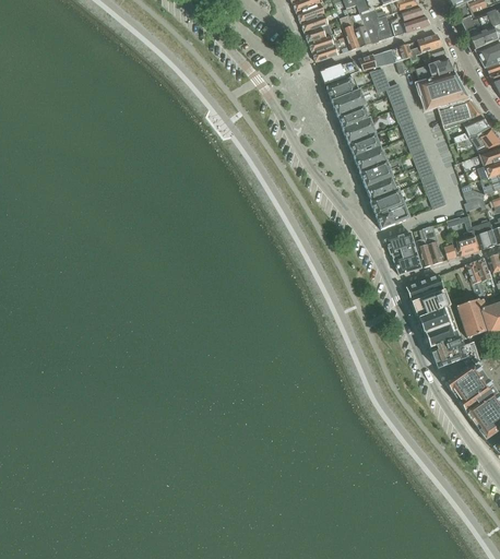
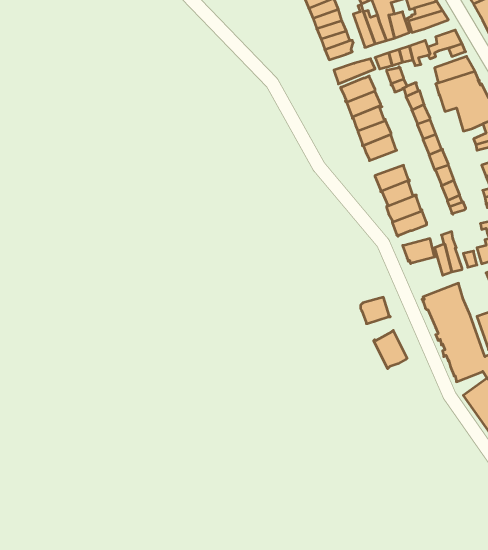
building: [355,147,388,171] -> none
building: [394,249,422,274] -> [361,297,390,324]
building: none -> [374,330,407,369]

